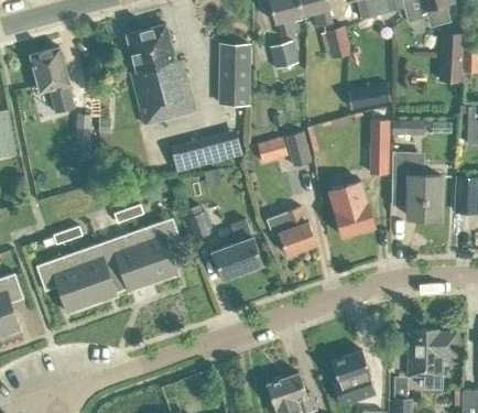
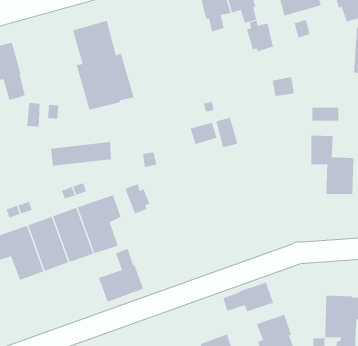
building: [267,41,298,70] -> none
building: [220,43,249,102] -> none
building: [368,121,389,175] -> none
building: [180,137,248,164] -> [50,142,112,166]
building: [329,182,374,237] -> none
building: [268,208,316,256] -> none
building: [211,219,262,280] -> [98,248,144,303]
building: none -> [223,282,274,312]

